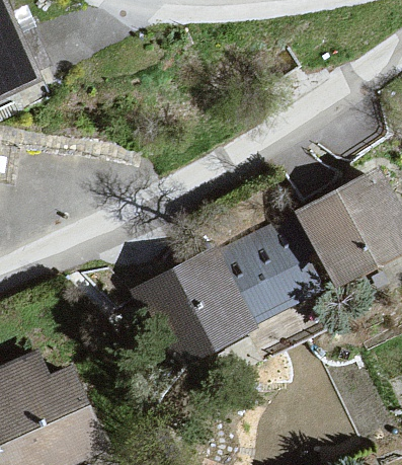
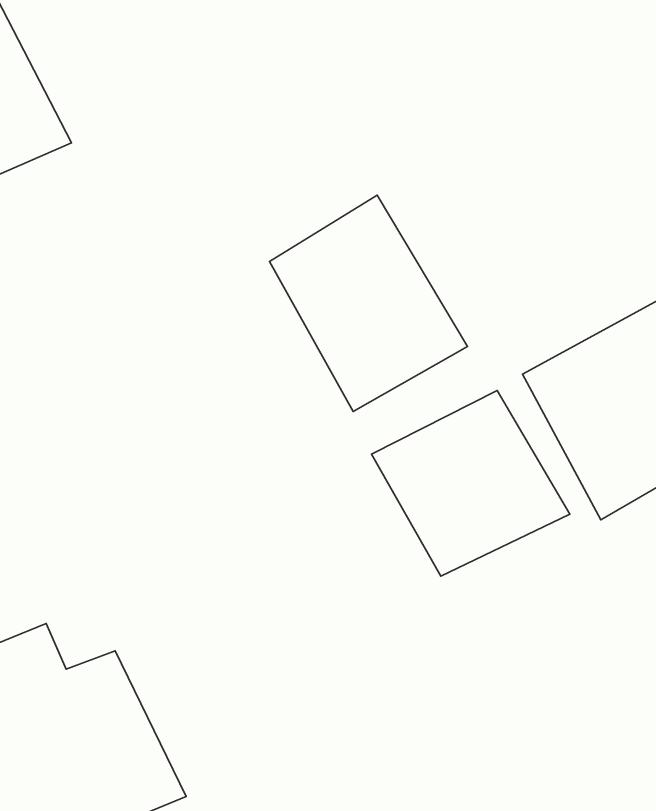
building: none -> [270,195,467,411]
building: [132,256,250,364] -> none

